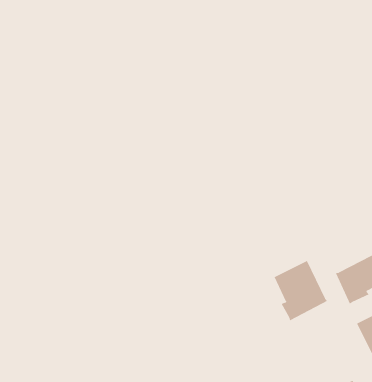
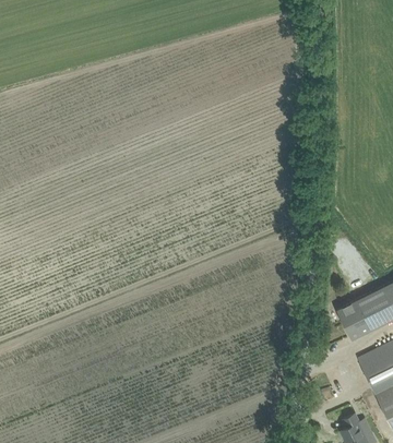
building: [274,260,328,321] -> none

